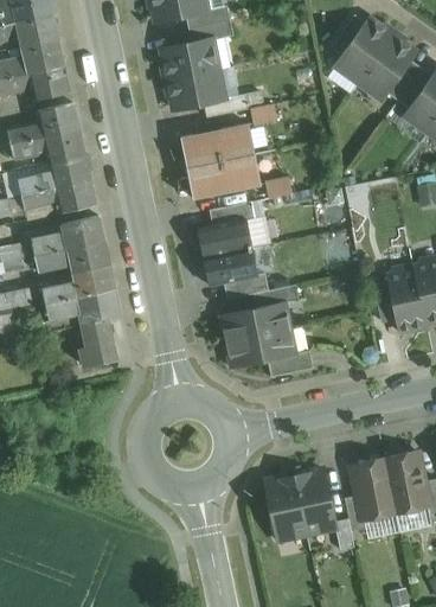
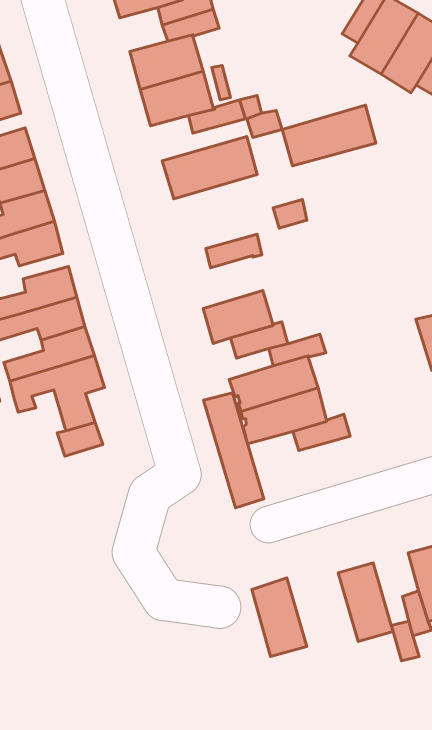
building: [187,154,261,198] -> [282,105,376,166]
building: [198,218,252,257] -> none
building: none -> [203,393,264,508]
building: [267,475,307,537] -> [252,578,307,657]

